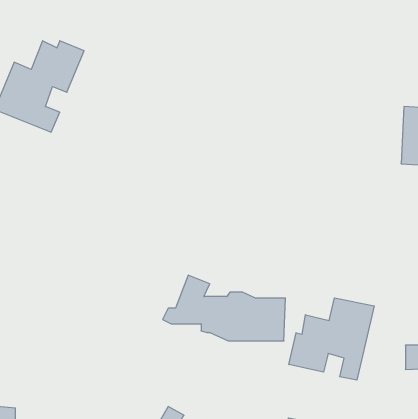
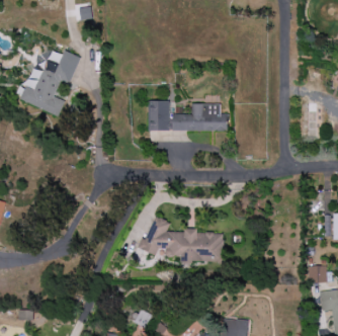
building: none -> [148,101,227,132]
building: [289,298,374,380] -> none

